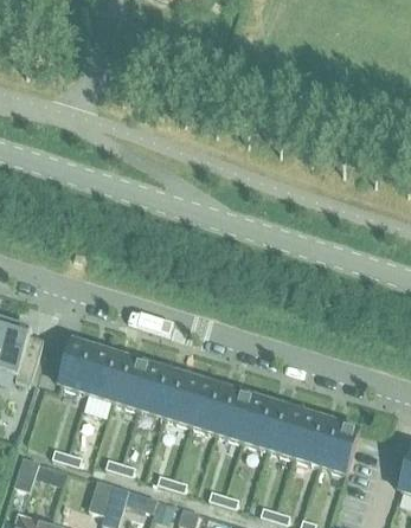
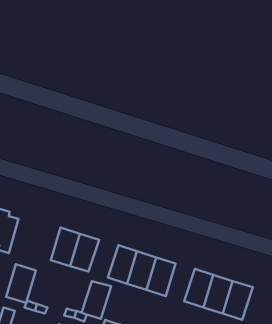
building: [59,341,99,393] -> [6,264,36,303]
building: [137,366,178,417] -> [81,281,111,319]
building: [242,398,281,449] -> none

